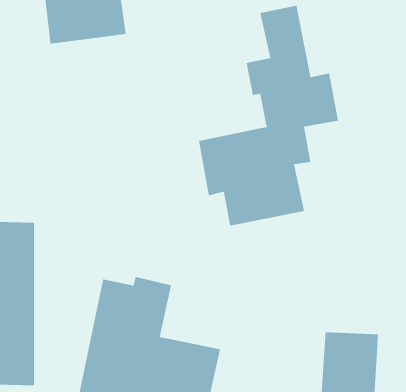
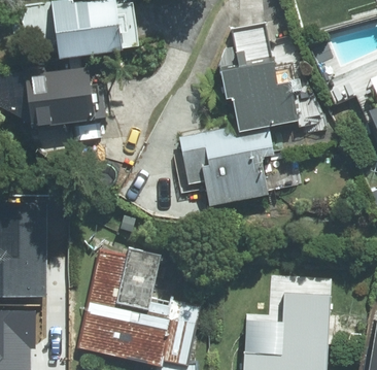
building: none -> [25,67,94,126]

